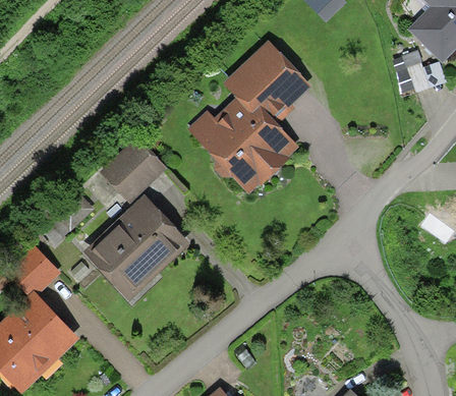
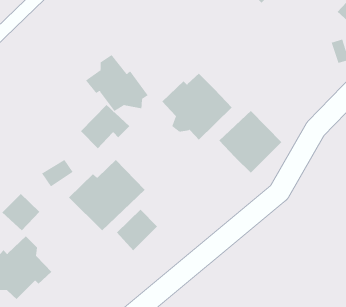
building: [226,46,302,122] -> [219,110,282,174]
building: none -> [85,54,148,112]
building: none -> [116,209,158,251]

